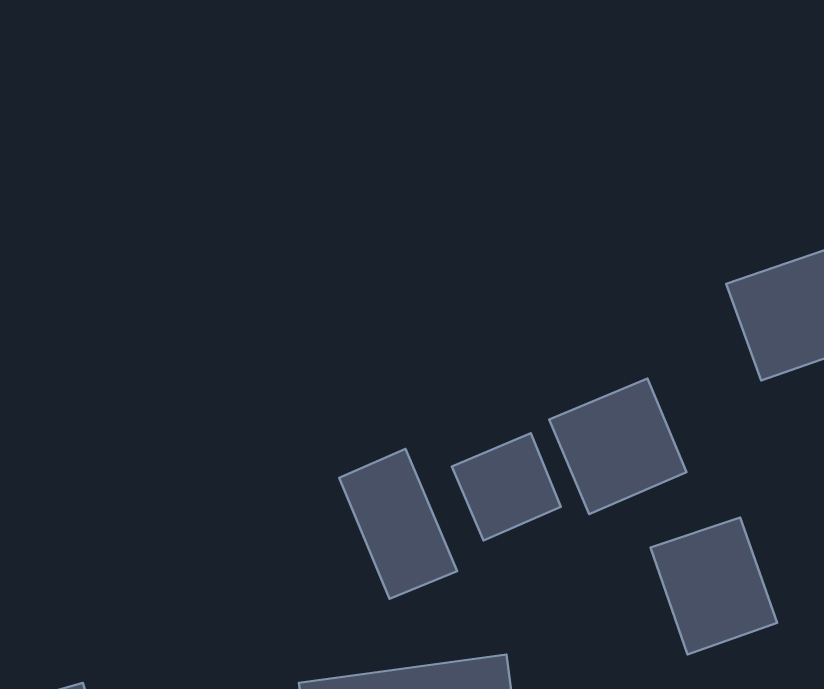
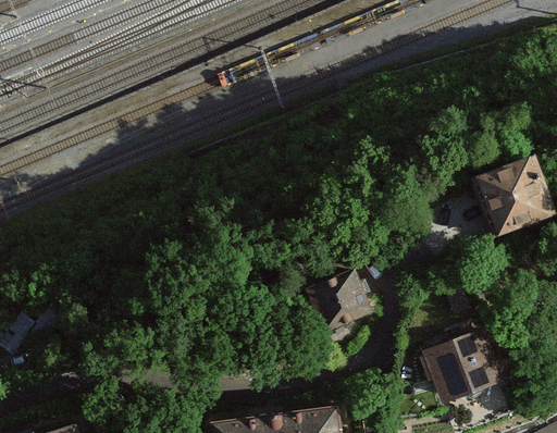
building: [549,379,686,514] -> none
building: [339,449,457,599] -> none

